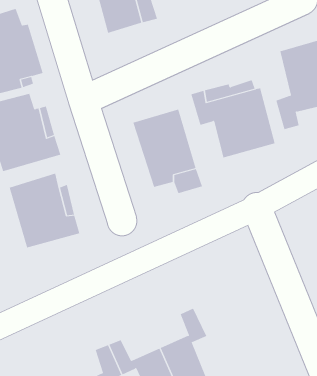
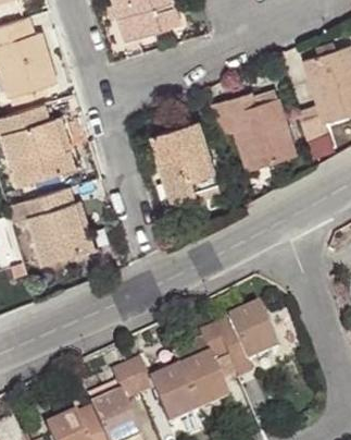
building: none -> [213,304,277,376]

